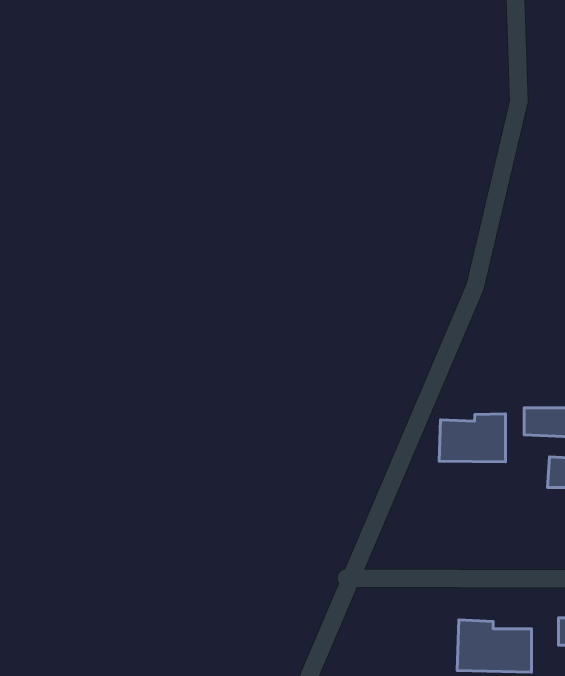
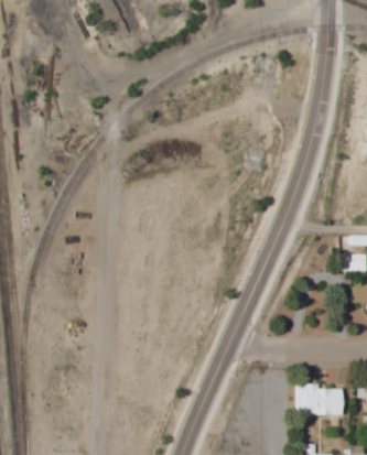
building: [439,414,506,462] -> none

